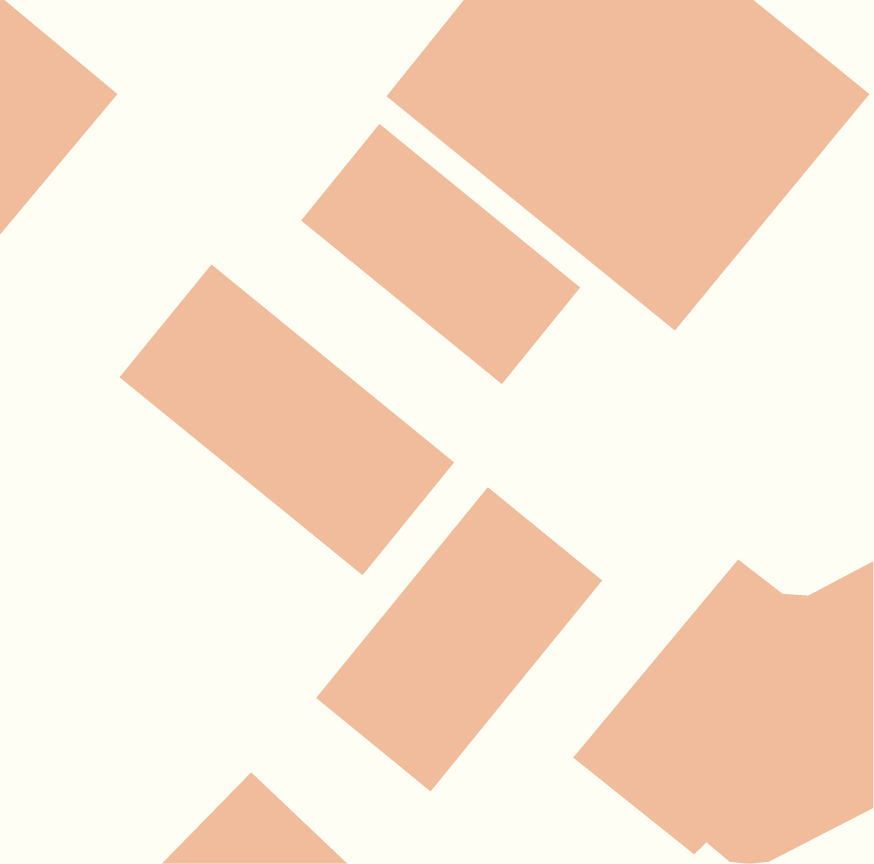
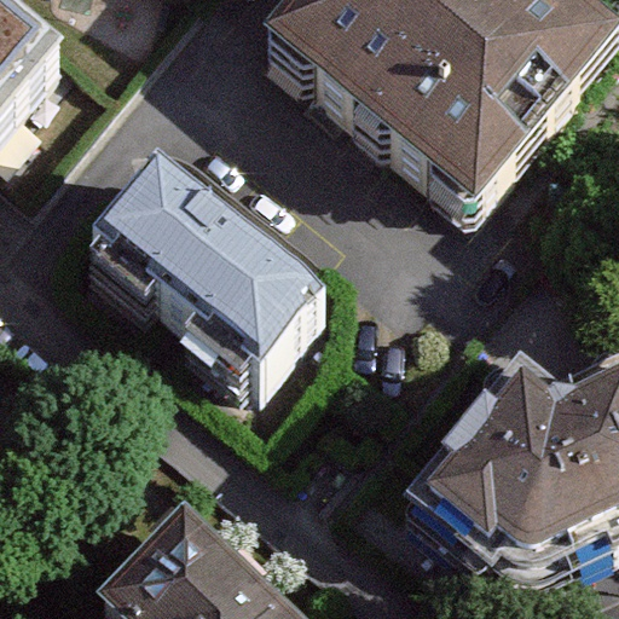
building: [300,123,581,385] -> none
building: [315,486,603,792] -> none

